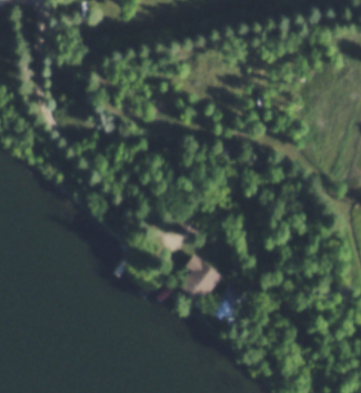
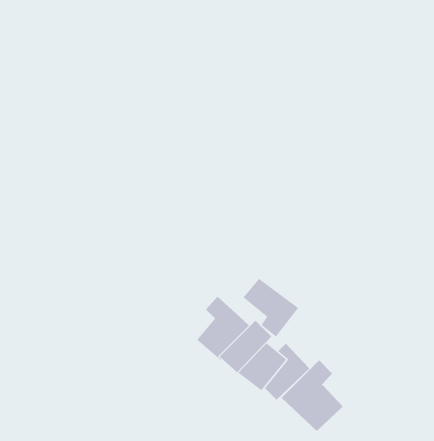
building: none -> [243,278,299,337]
building: none -> [281,359,343,432]

